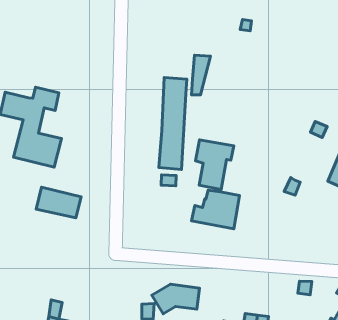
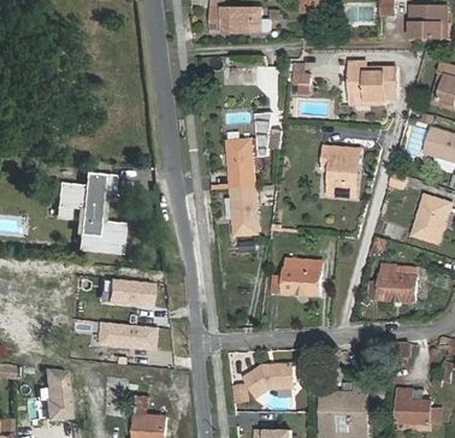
building: none -> [349,60,396,102]
building: [195,140,234,189] -> [321,152,360,201]
building: none -> [370,264,418,301]
building: none -> [99,322,158,350]

